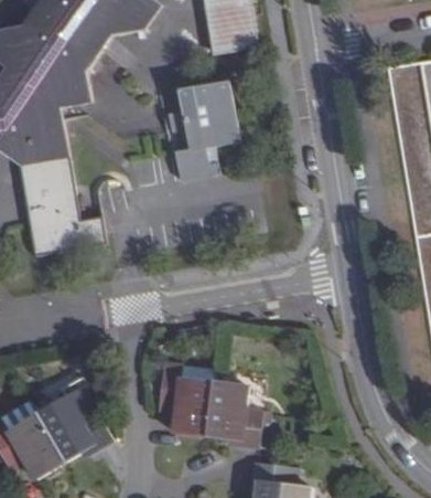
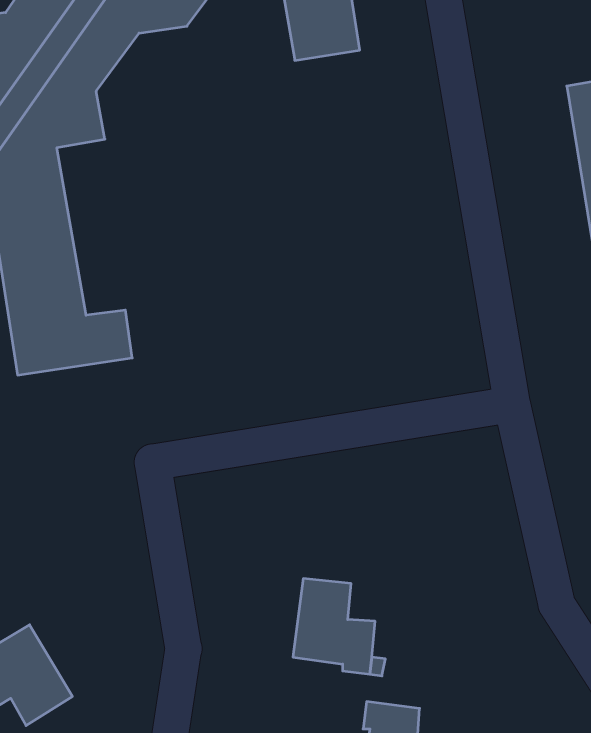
building: [164,81,239,179] -> none
building: [160,369,217,436] -> none
building: [41,377,115,462] -> none

